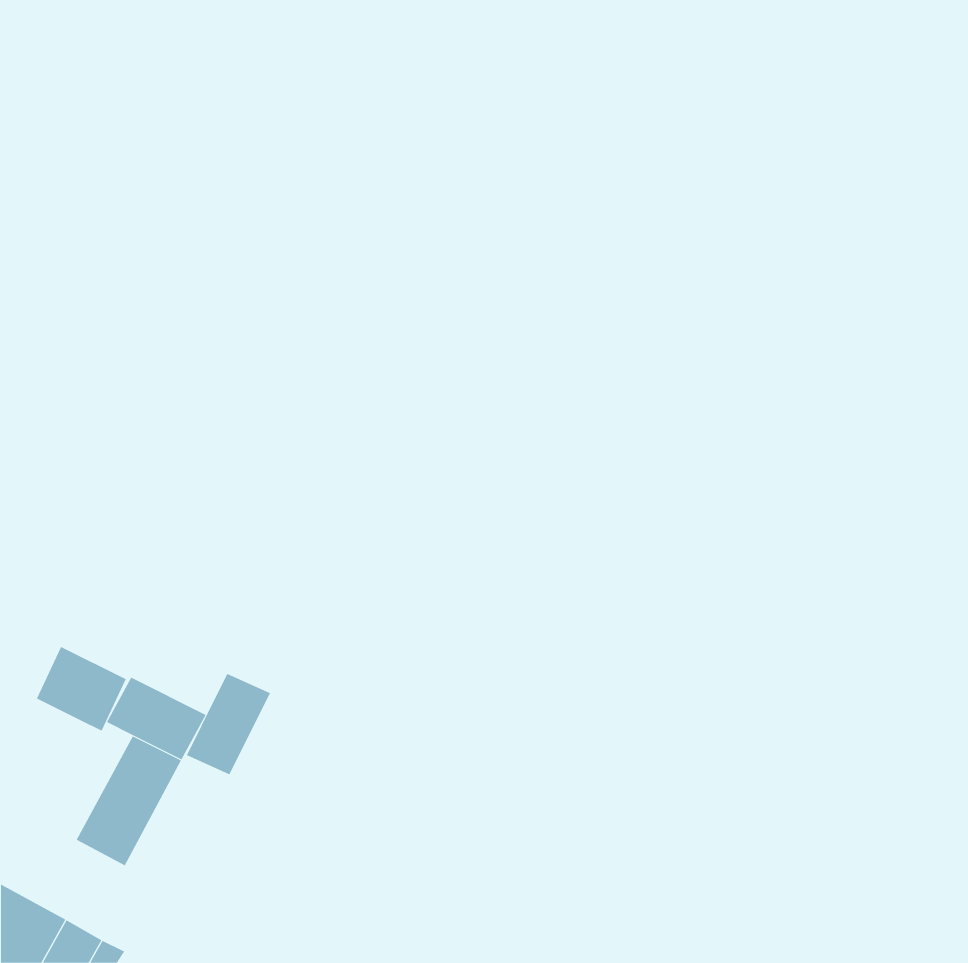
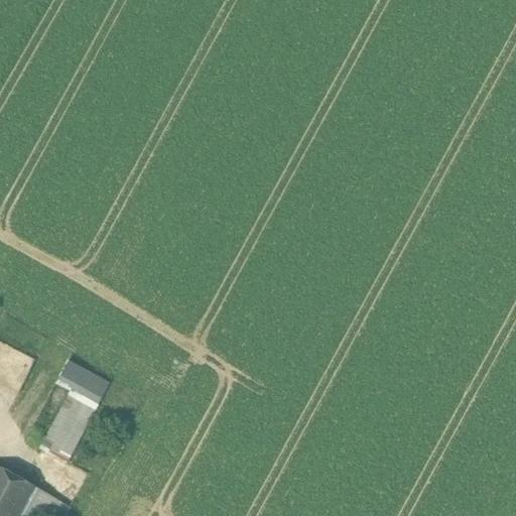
building: [36,646,126,731] -> none
building: [186,673,271,775] -> none

